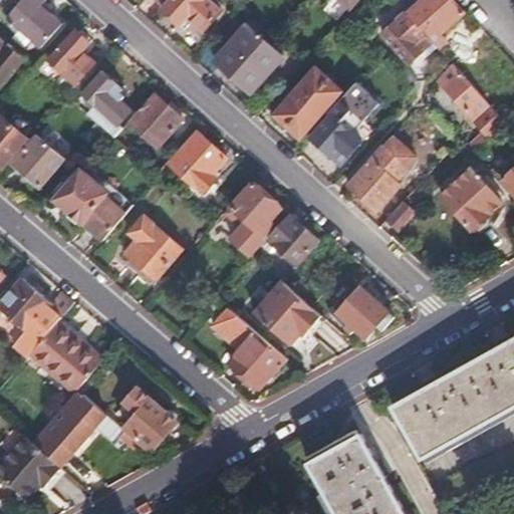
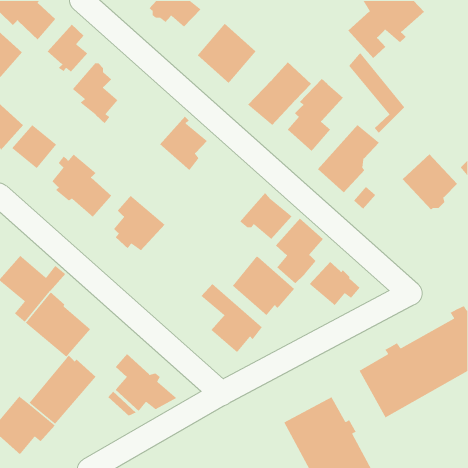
building: [438,65,500,155] -> [348,52,405,134]
building: [127,93,183,148] -> none
building: [228,183,281,255] -> [275,218,324,284]

